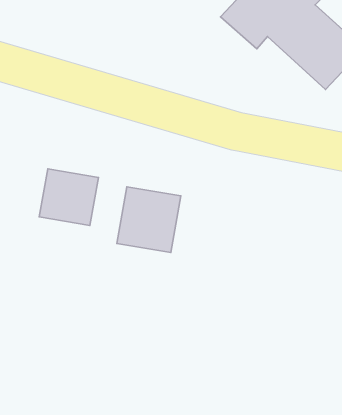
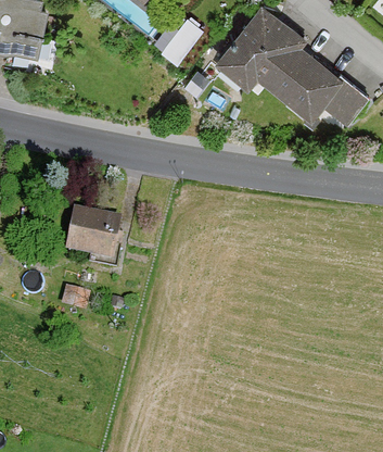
building: [117,187,181,253] -> none

